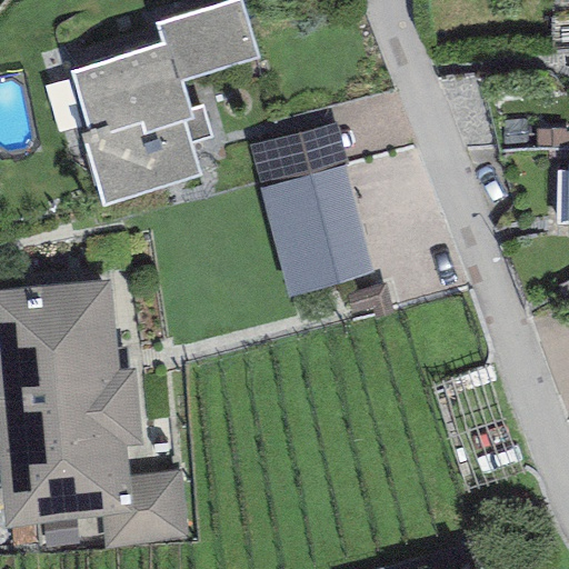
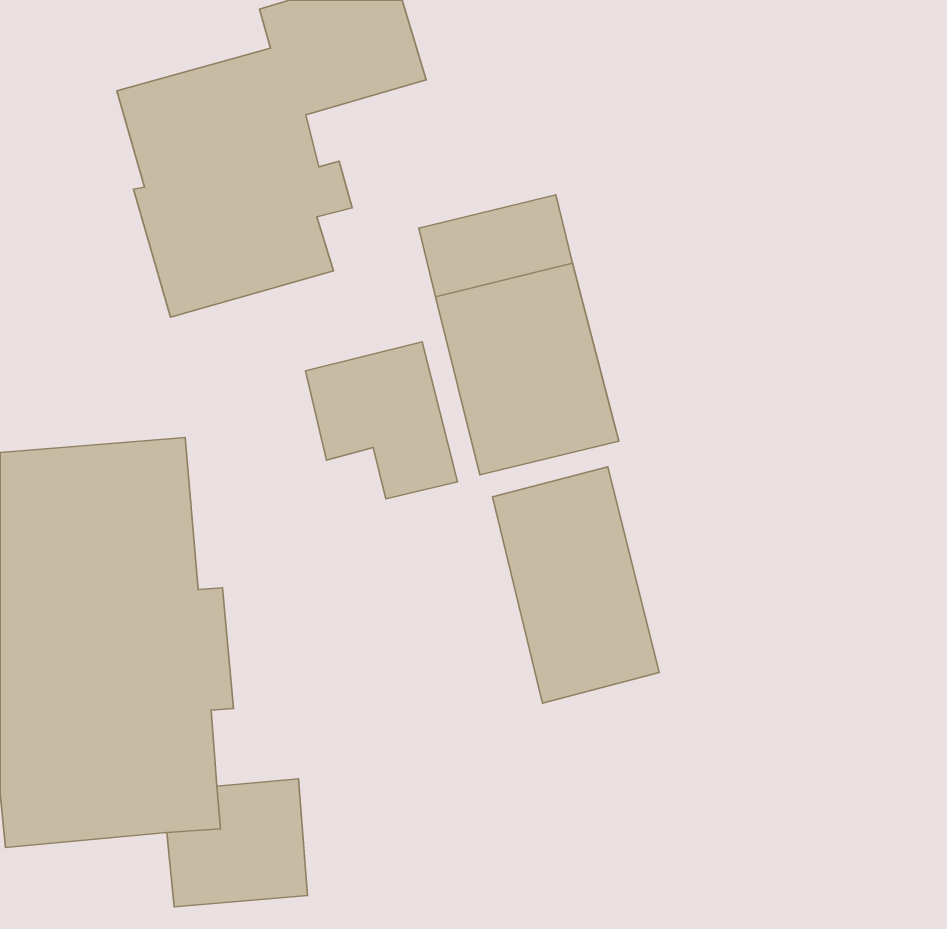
building: none -> [305,342,457,499]
building: none -> [493,467,659,703]

